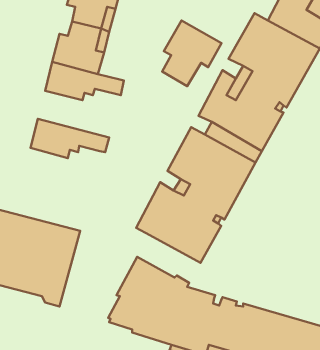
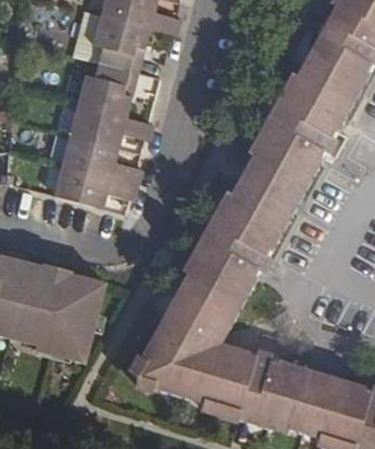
building: [162,21,222,86] -> none
building: none -> [63,135,143,184]
building: none -> [168,287,235,337]

